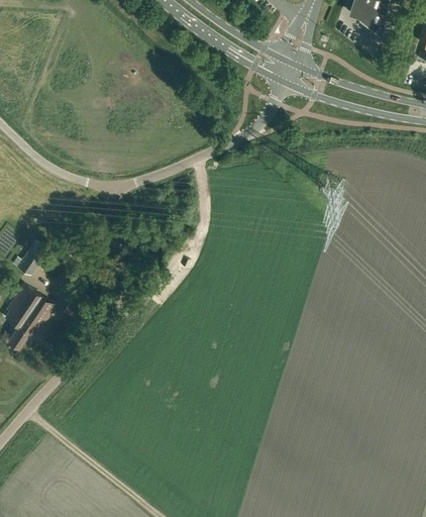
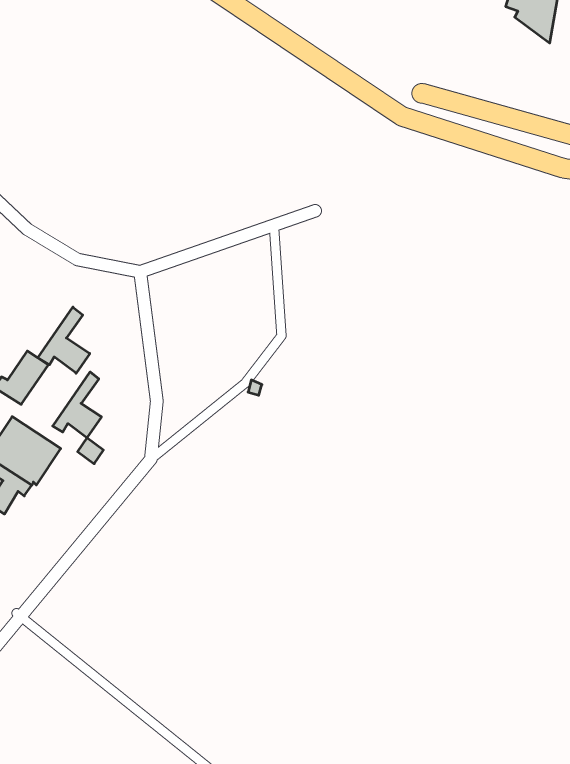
building: none -> [38,307,90,373]
building: none -> [53,372,101,438]

